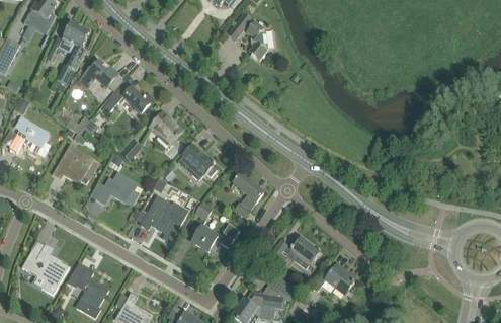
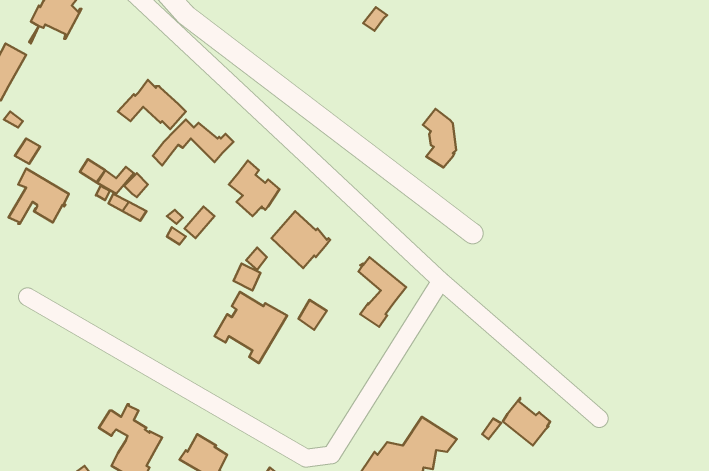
building: [57,21,90,84] -> none
building: [246,21,267,59] -> [423,109,456,167]
building: [53,145,92,183] -> none
building: [97,170,138,203] -> none
building: [191,223,239,251] -> none
building: [270,237,319,268] -> none
building: [21,243,69,294] -> none

